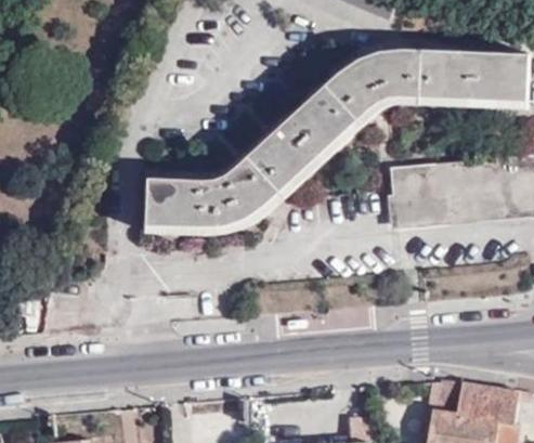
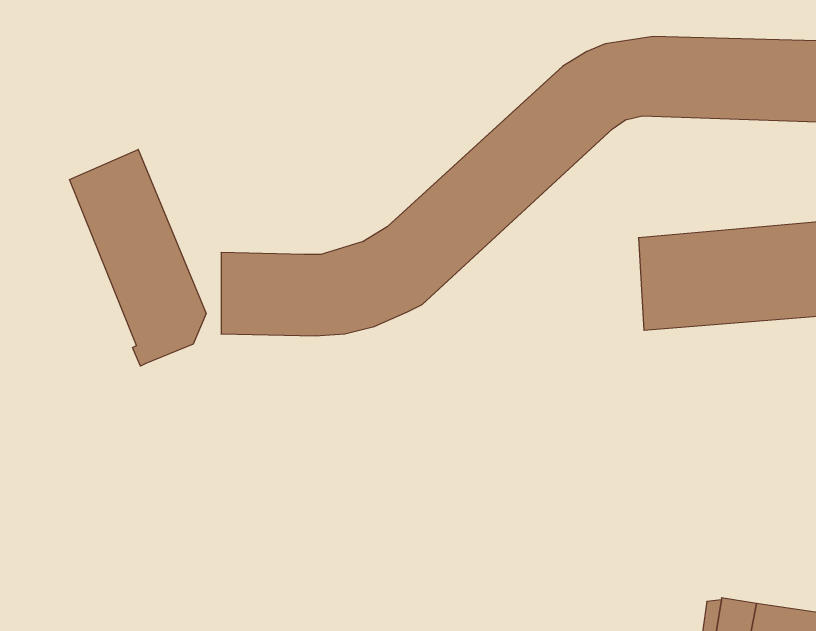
building: none -> [69,149,206,366]

